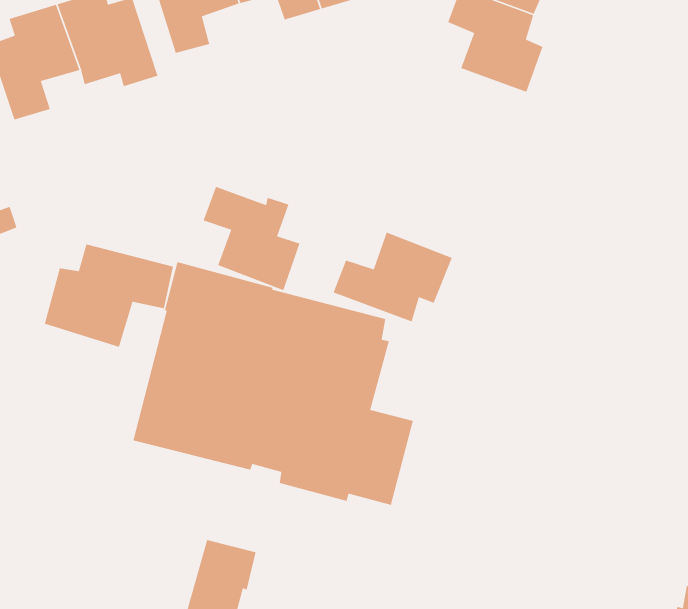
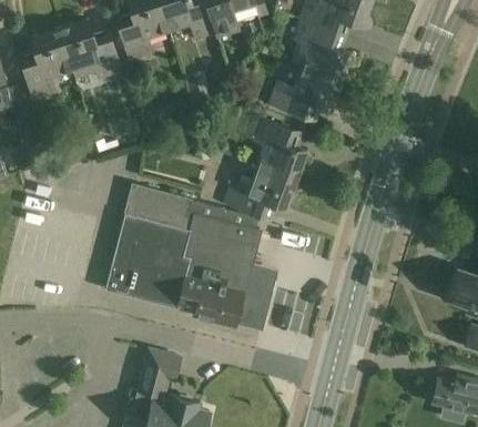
building: none -> [271,68,342,121]
building: [202,186,301,291] -> [248,118,307,181]
building: [44,243,174,348] -> none

